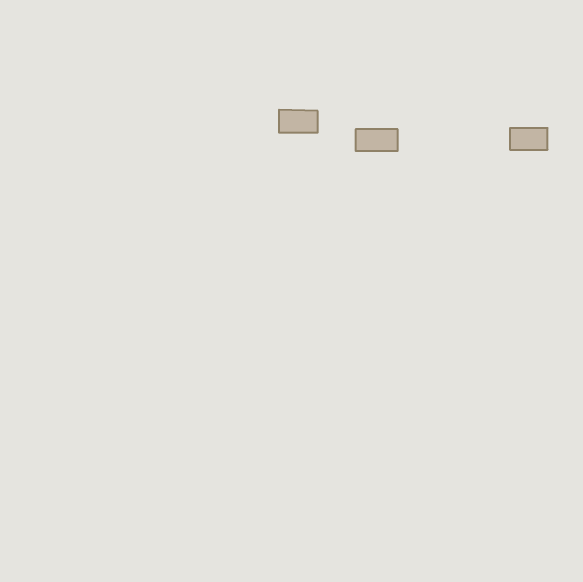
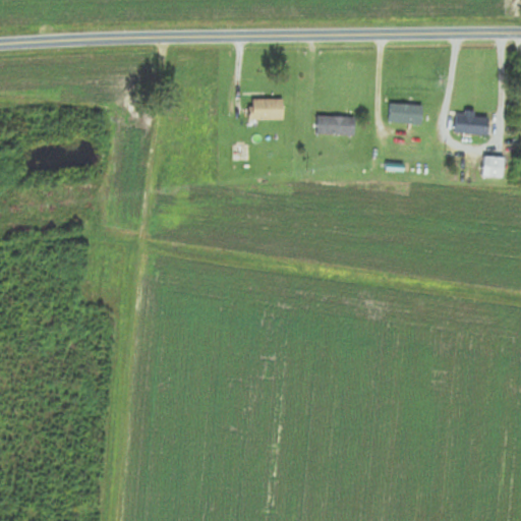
building: none -> [388,103,422,122]
building: none -> [482,156,503,177]

